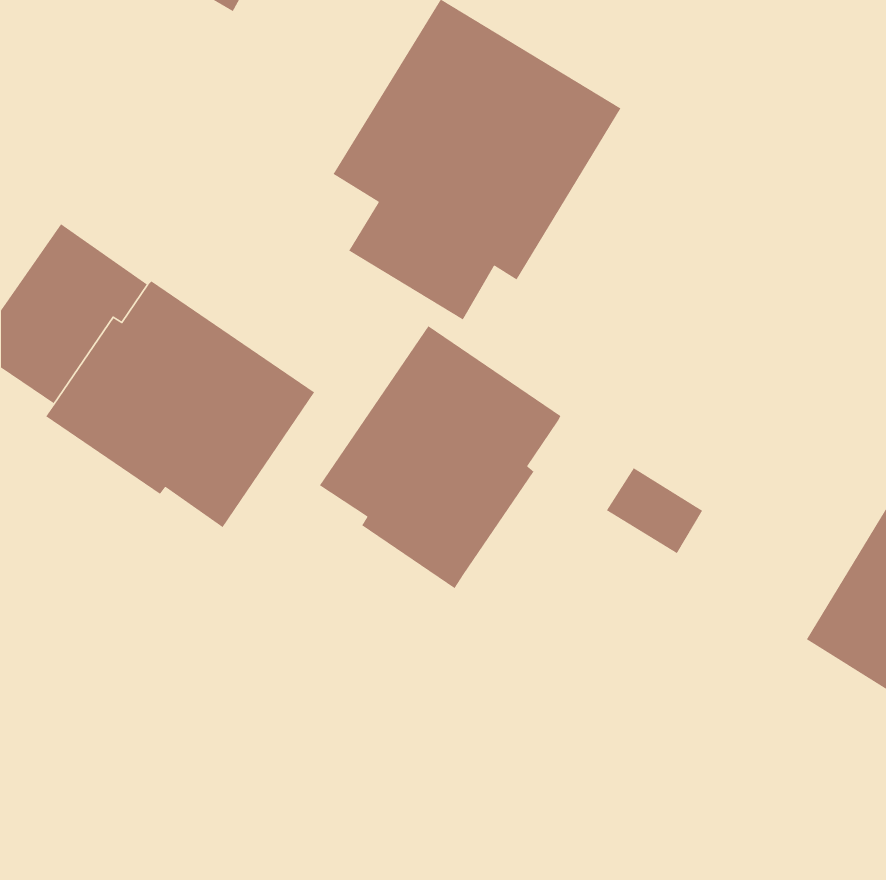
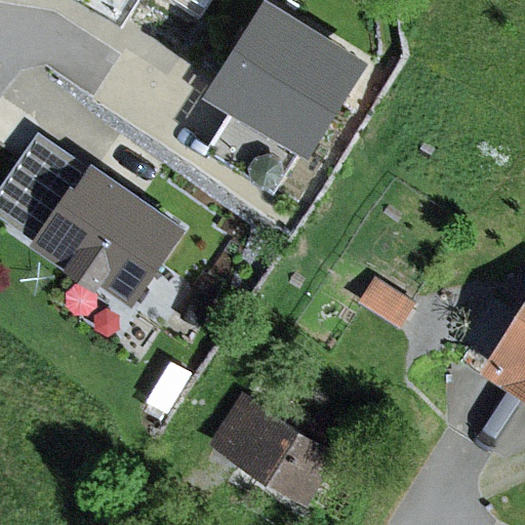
building: [319,325,561,589] -> none
building: none -> [208,393,340,507]

